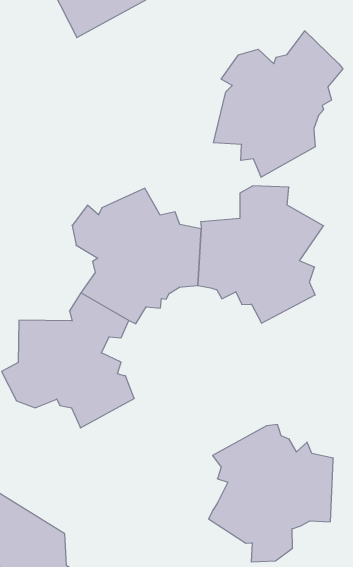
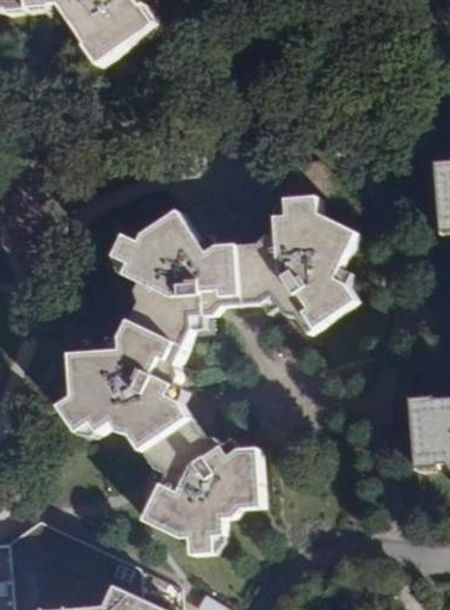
building: [213,31,343,177] -> none
building: [209,425,333,562] -> [138,418,261,556]

